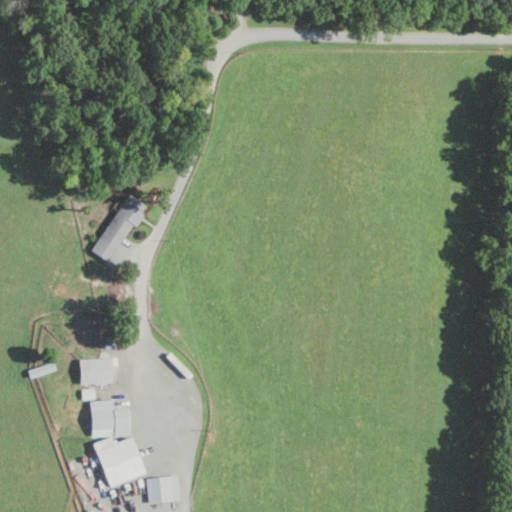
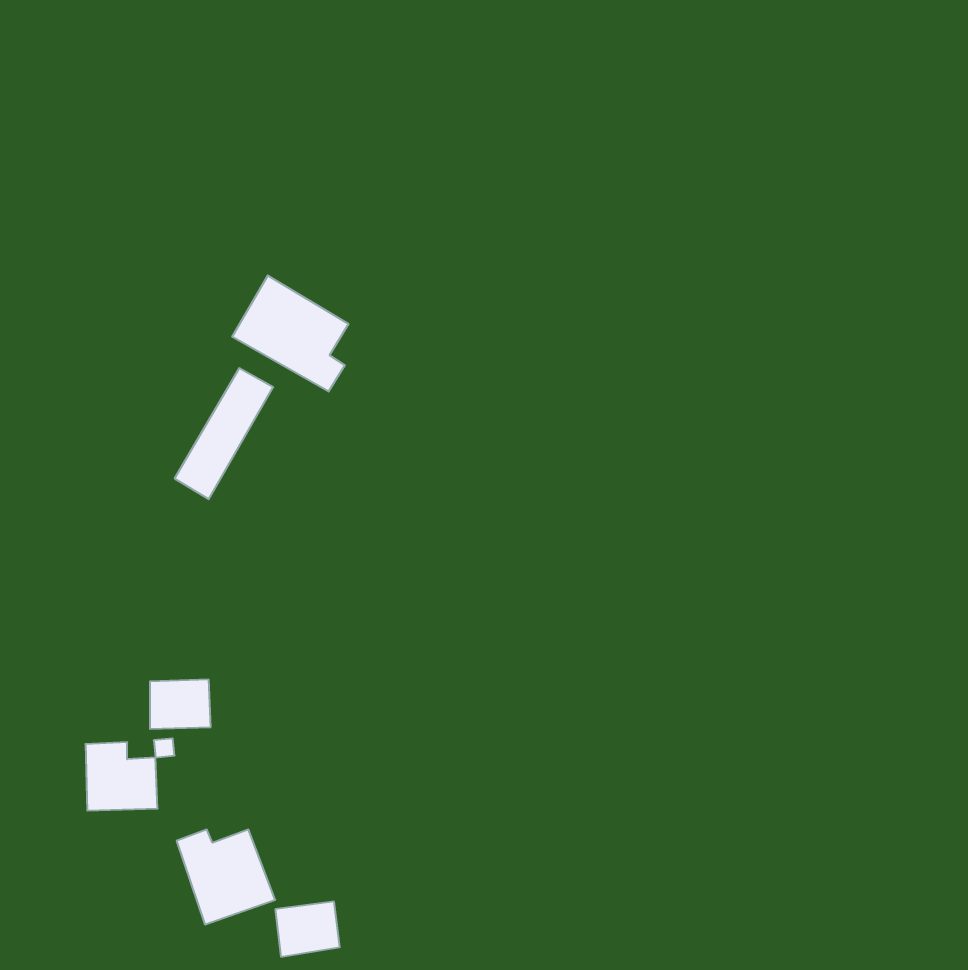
building: none -> [232,275,348,392]
building: [91,400,129,436] -> [85,742,158,811]

